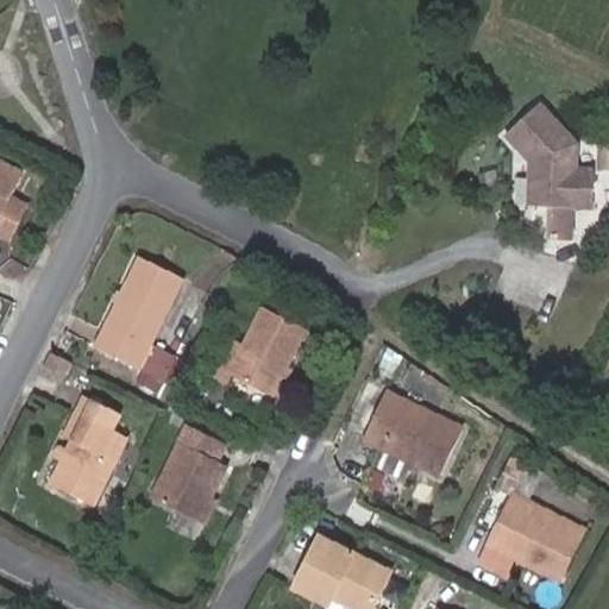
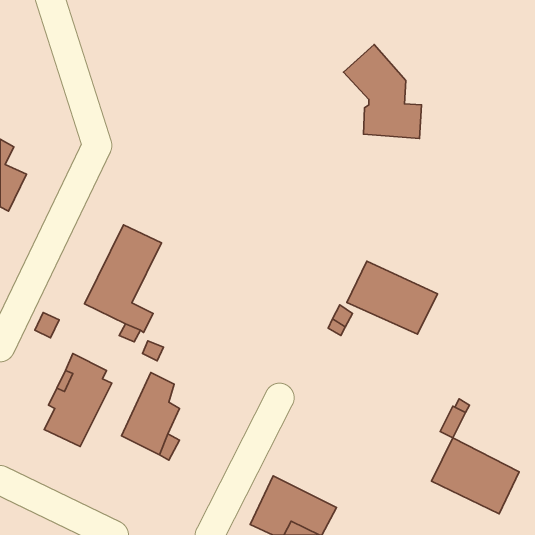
building: [507,117,595,222] -> [343,45,422,139]
building: [207,306,307,396] -> none
building: [350,391,452,473] -> [347,261,437,334]

